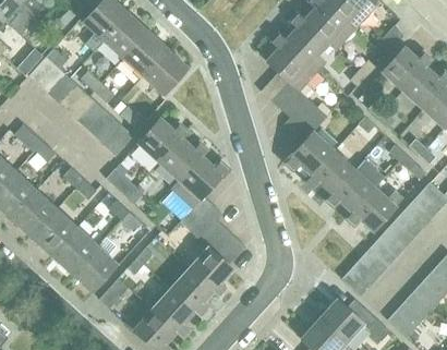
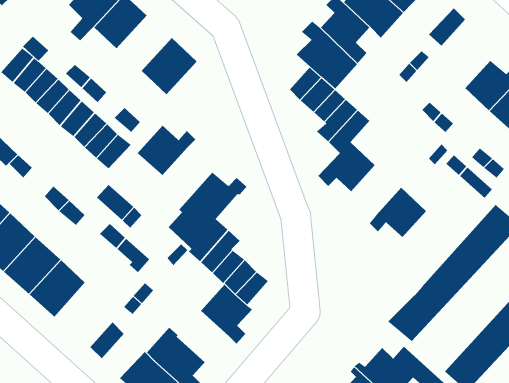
building: [122,31,167,75] -> none
building: [383,48,431,89] -> none
building: [159,137,207,179] -> none
building: [305,152,352,192] -> none
building: [347,189,401,229] -> none
building: [72,237,119,294] -> none
building: [171,269,213,317] -> none

